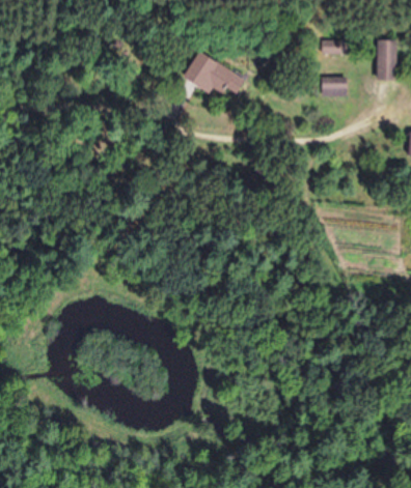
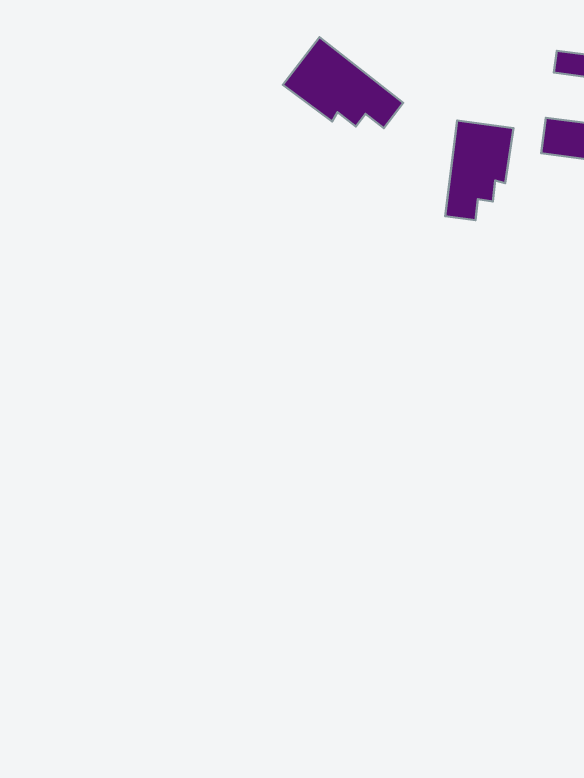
building: none -> [445,121,513,220]

